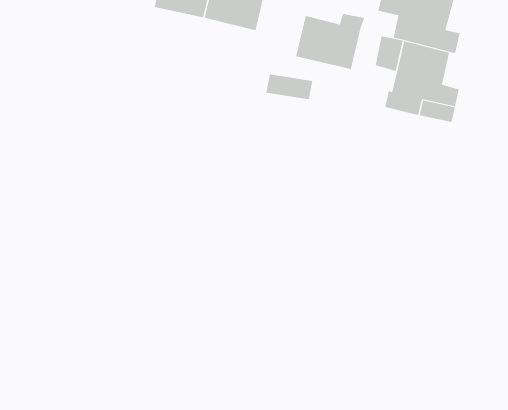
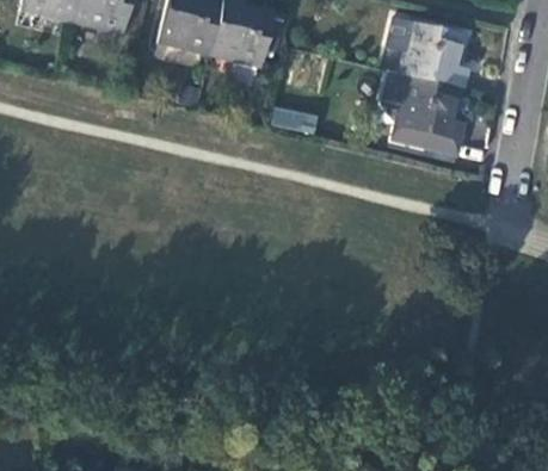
building: [295,13,365,70] -> none

